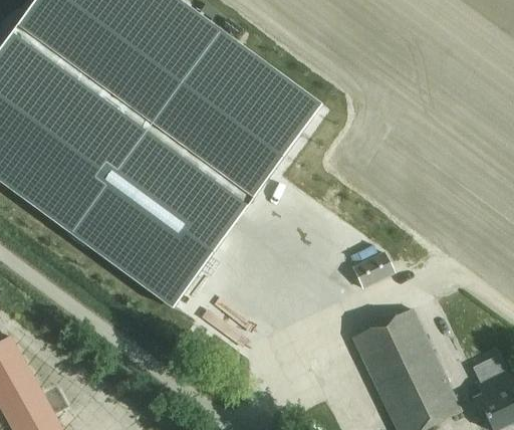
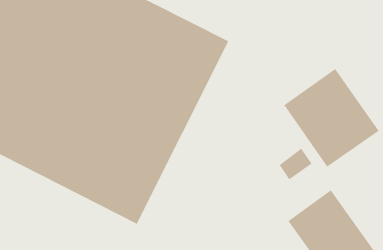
building: none -> [284,68,379,168]

